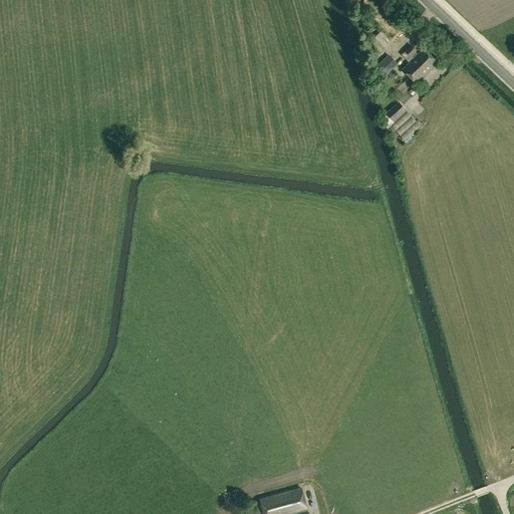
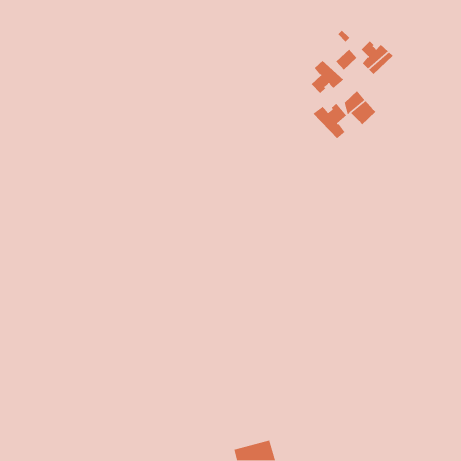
building: none -> [311,60,344,94]
building: none -> [312,103,347,139]

